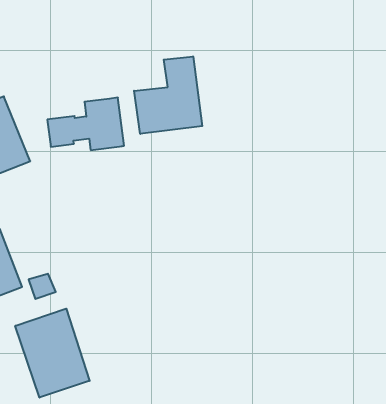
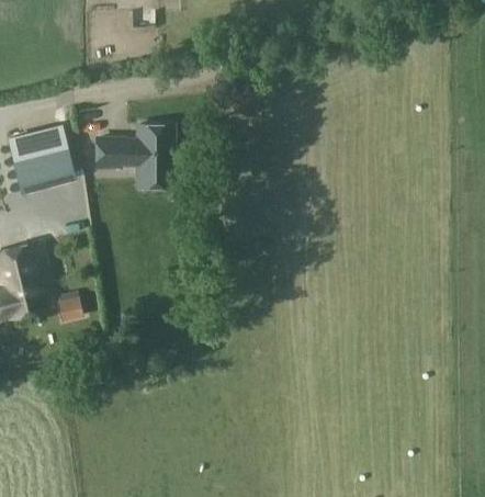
building: [134,56,202,134] -> none
building: [15,309,90,398] -> none

